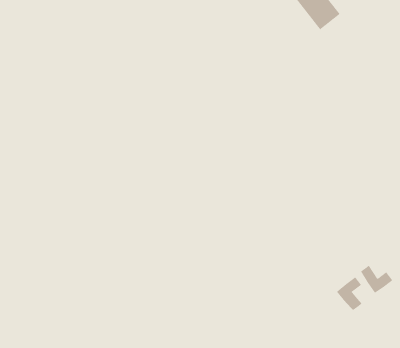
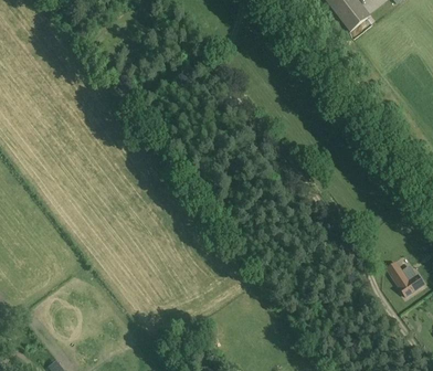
building: [336,277,362,311] -> none

